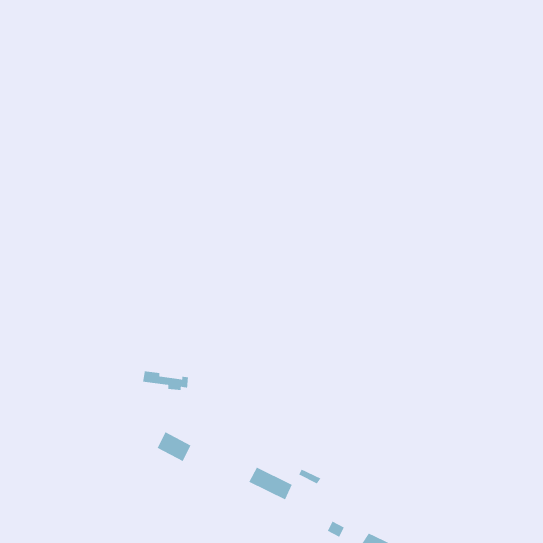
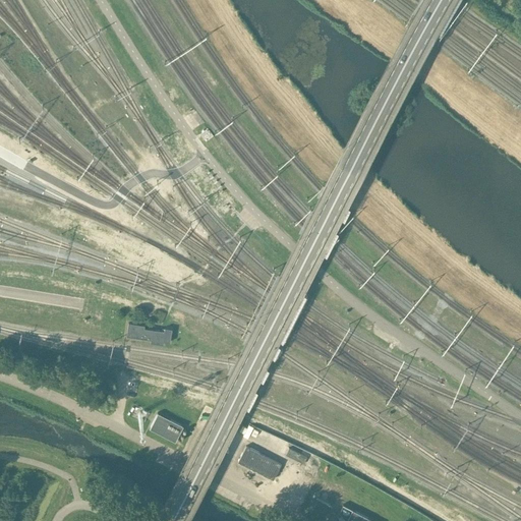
building: [142,370,189,391] -> [127,325,172,344]

